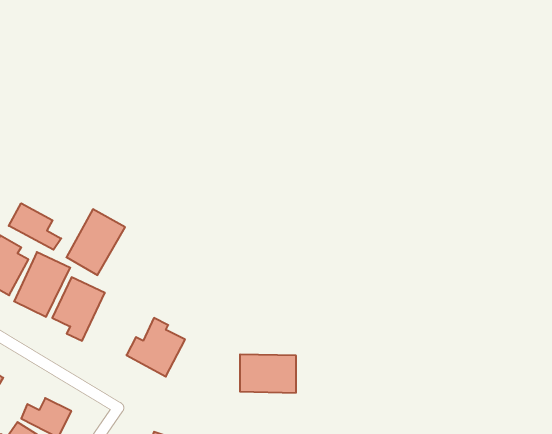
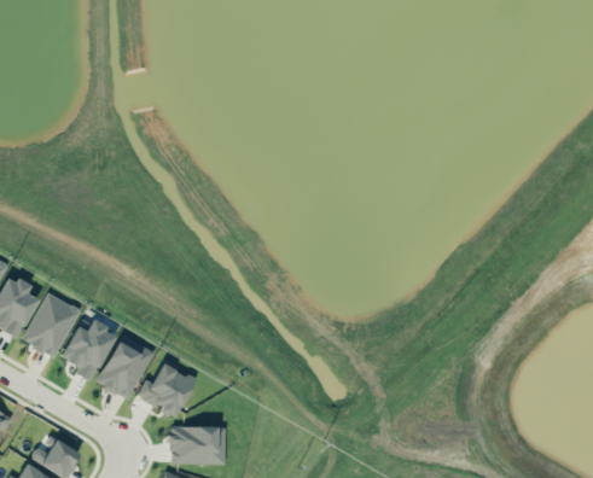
building: [9,203,61,250] -> none
building: [66,209,125,275] -> [95,334,155,401]
building: [240,354,296,393] -> [169,426,226,465]

